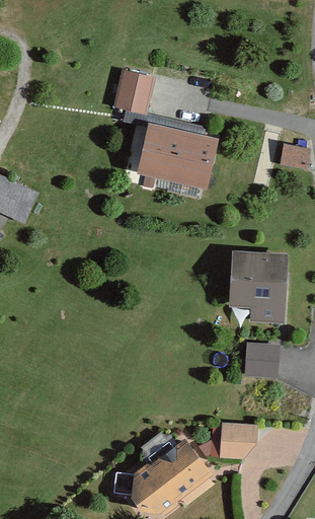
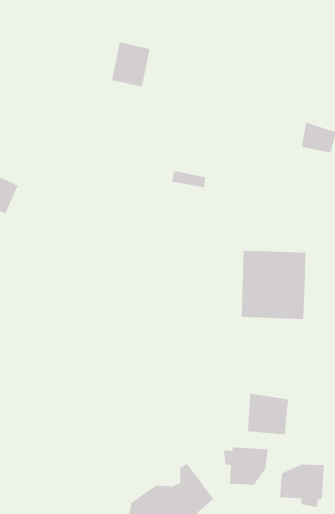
building: [135,129,212,183] -> none
building: [247,341,284,377] -> [247,393,289,435]
building: none -> [279,464,325,508]

